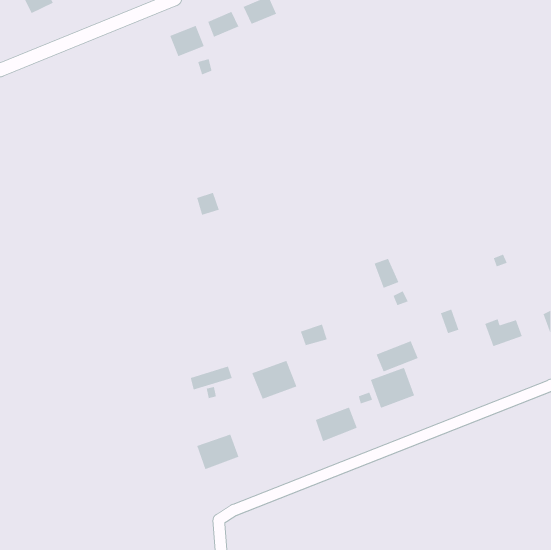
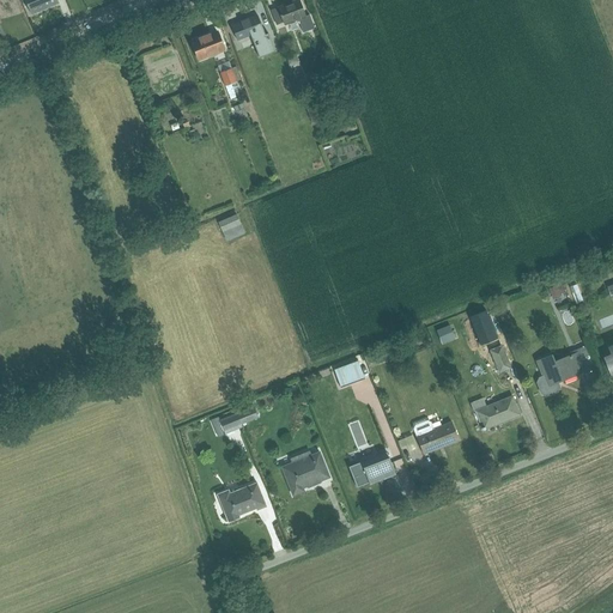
building: [374,258,399,289] -> [468,308,497,342]
building: [376,340,419,372] -> [474,394,522,430]
building: [251,360,298,400] -> [280,450,332,494]

